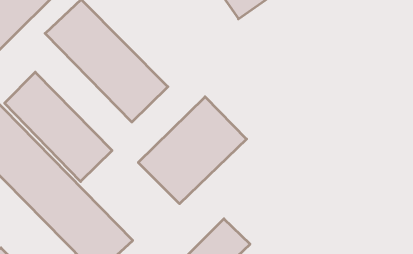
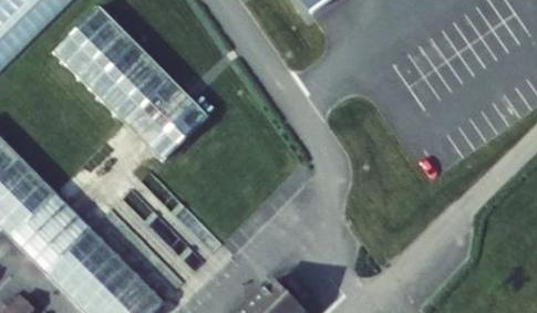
building: [5,72,112,182] -> none
building: [138,97,247,204] -> none

